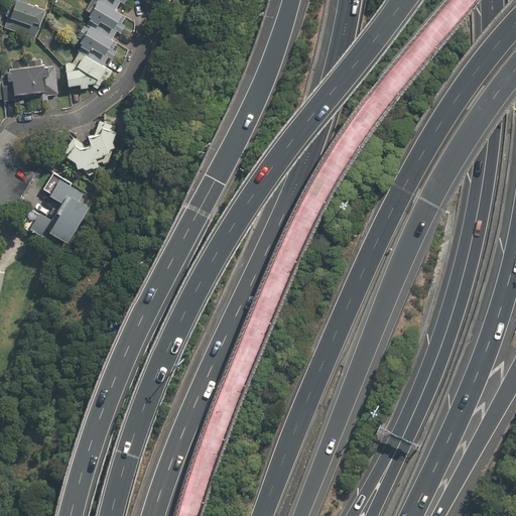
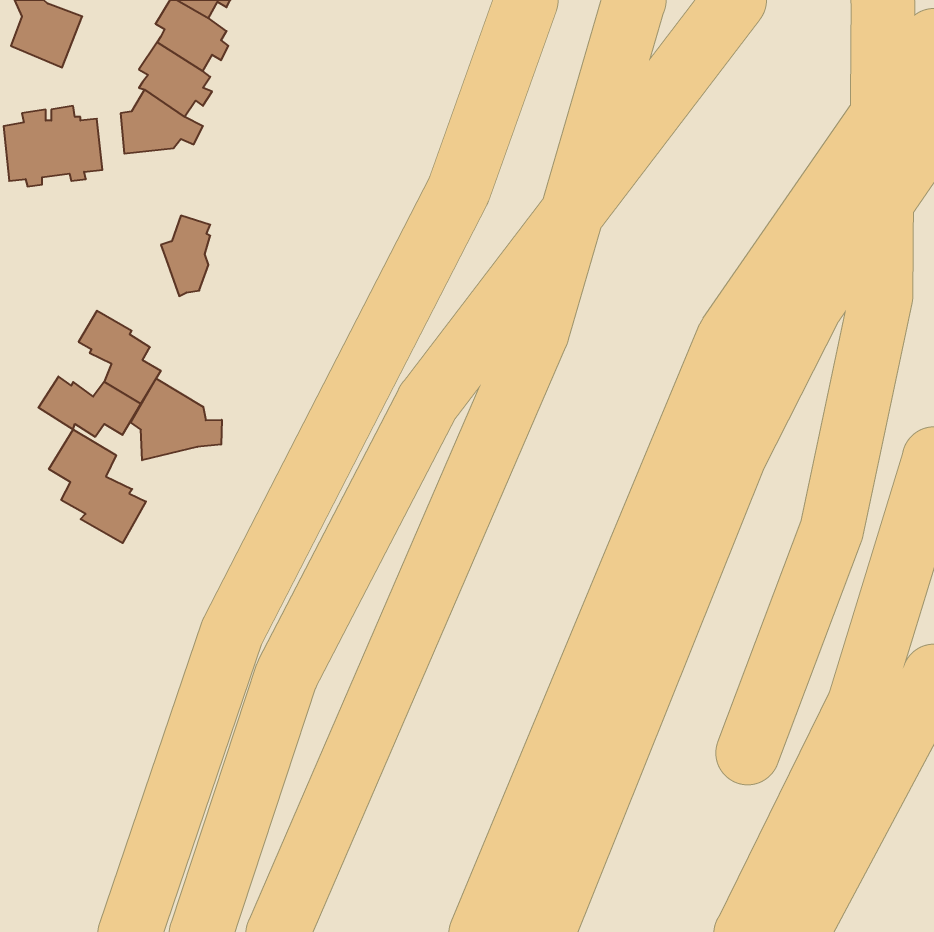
building: [63,137,99,176] -> none
building: none -> [131,378,222,460]
building: none -> [49,429,146,543]

